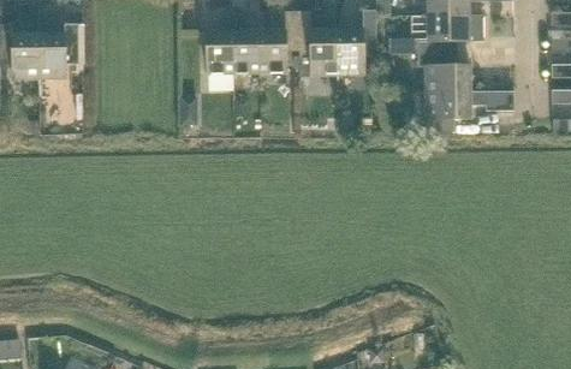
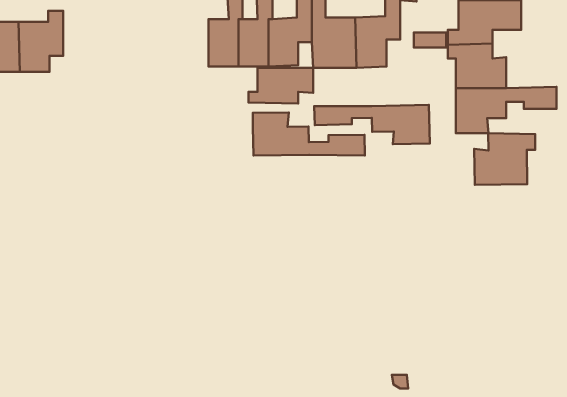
building: none -> [248,68,313,104]
building: none -> [314,105,430,144]
building: none -> [253,112,365,156]
building: none -> [474,133,535,185]

